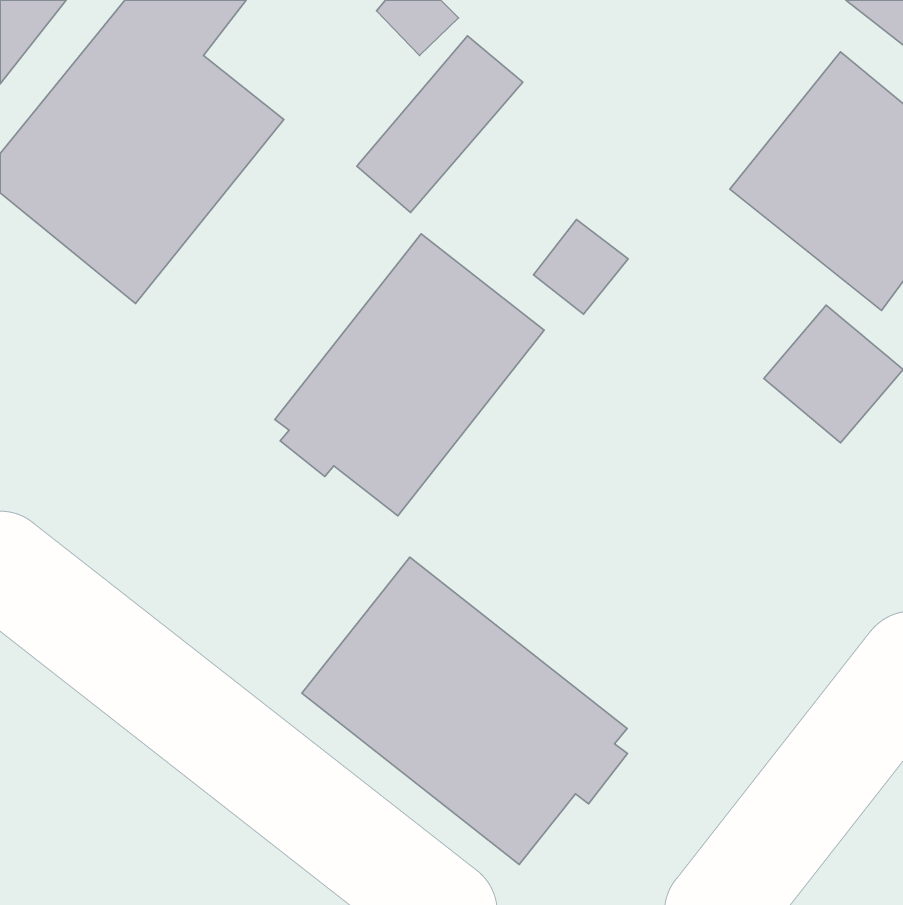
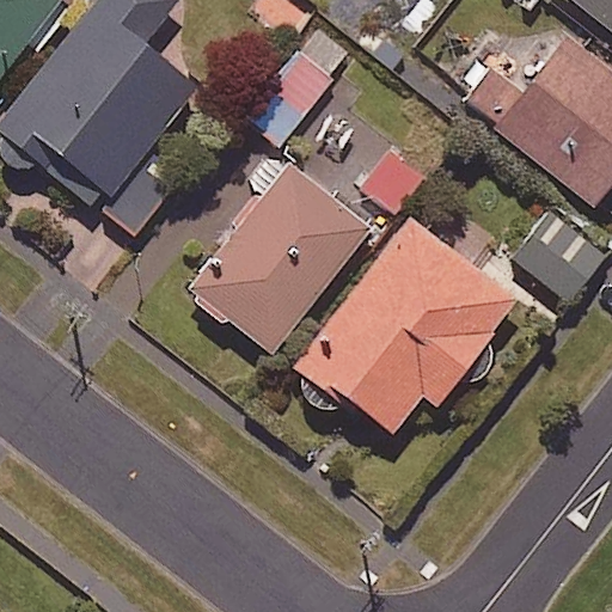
building: none -> [296,215,515,434]
building: [302,557,628,864] -> none

